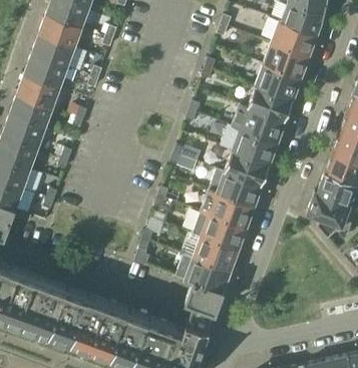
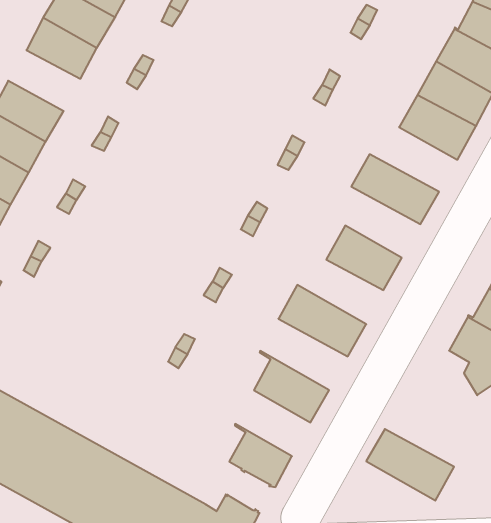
building: [16,76,59,109] -> none
building: [240,87,293,122] -> none
building: [232,127,277,165] -> none
building: [209,173,261,209] -> none
building: [193,214,246,252] -> [366,429,454,501]
building: [185,259,230,295] -> none

